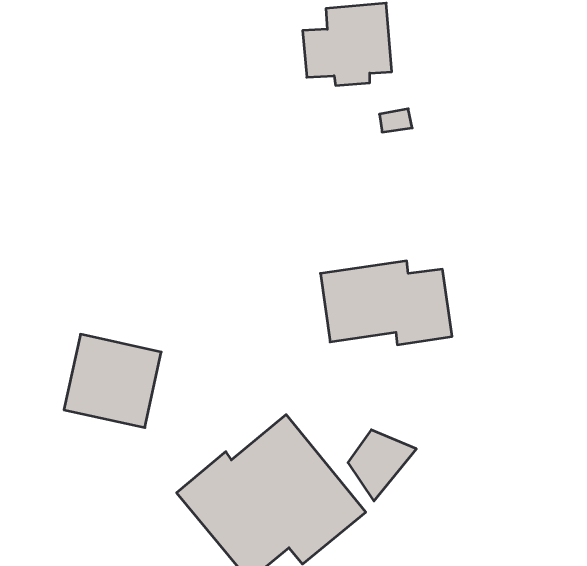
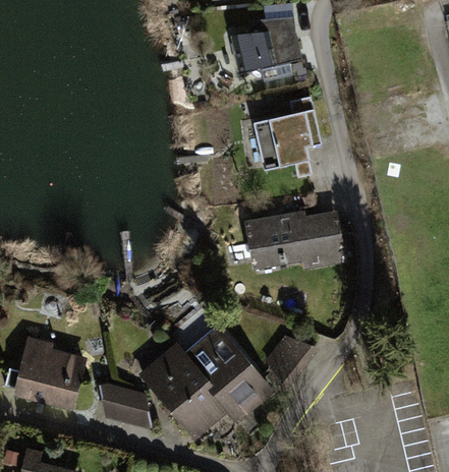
building: none -> [270,115,322,167]
building: [64,334,161,428] -> [12,338,85,407]
building: none -> [97,379,146,422]

